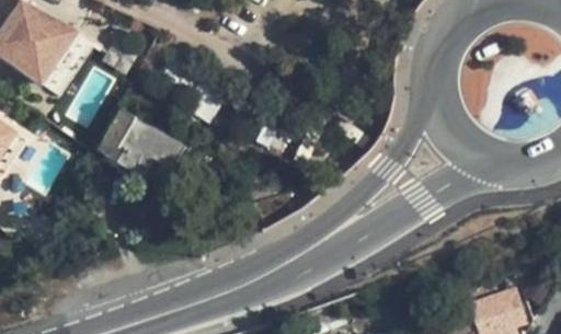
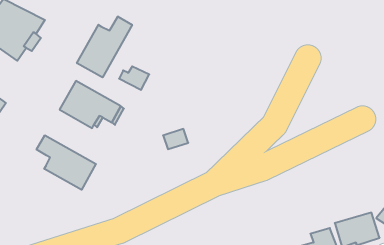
building: none -> [77,16,132,77]
building: none -> [37,135,96,190]

